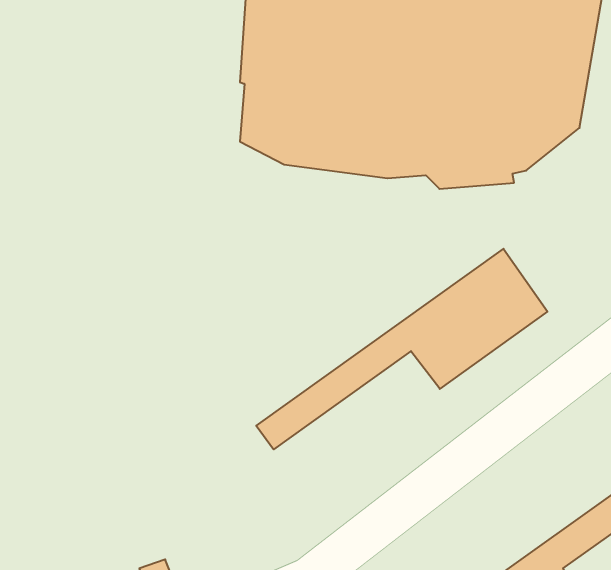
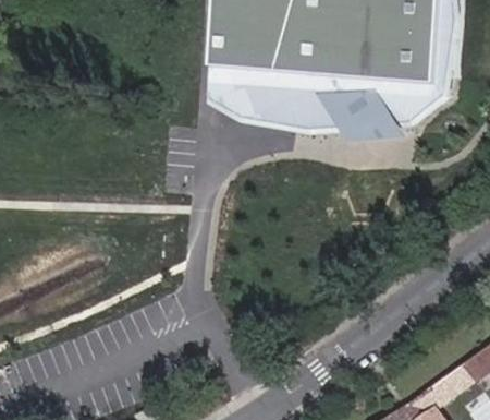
building: [256,249,547,449] -> none

